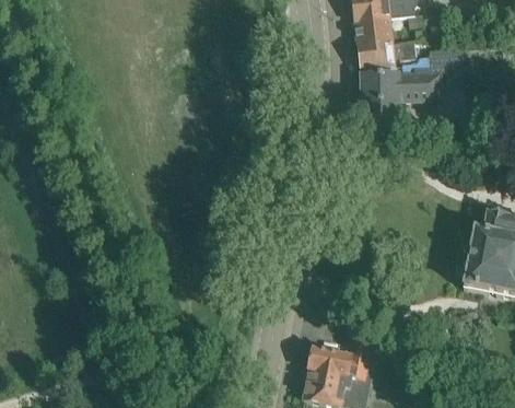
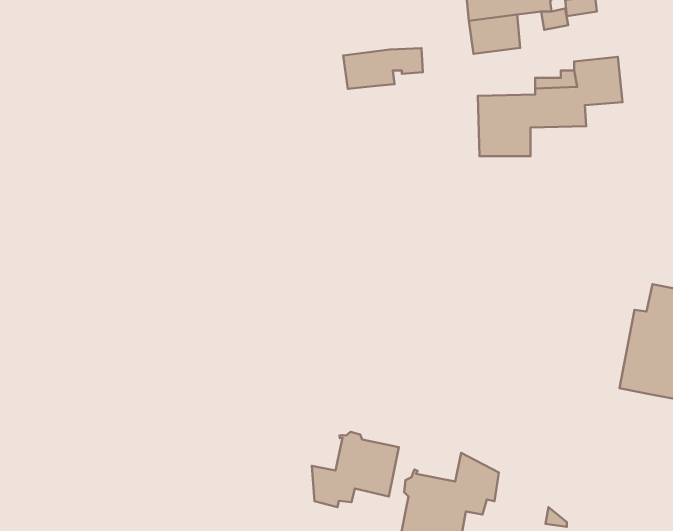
building: [356,38,414,68] -> [343,48,423,89]
building: none -> [312,432,399,507]

